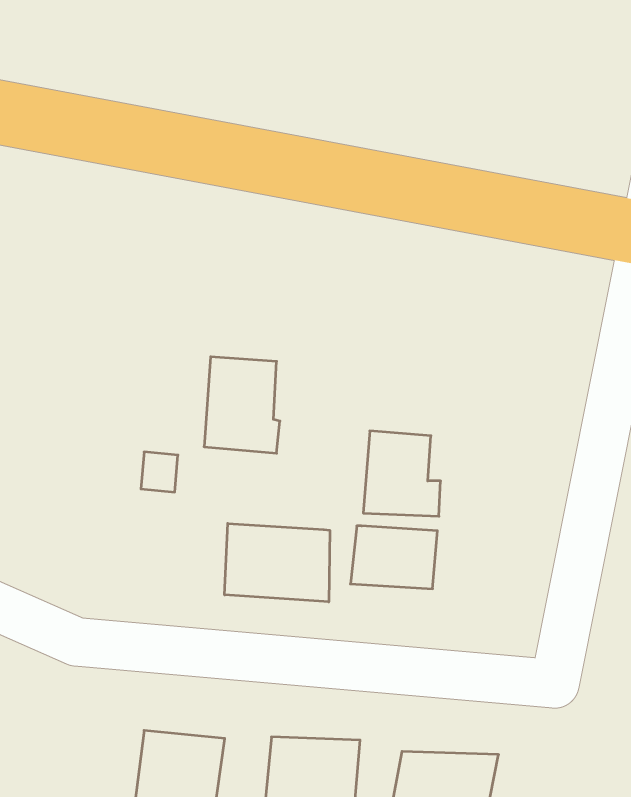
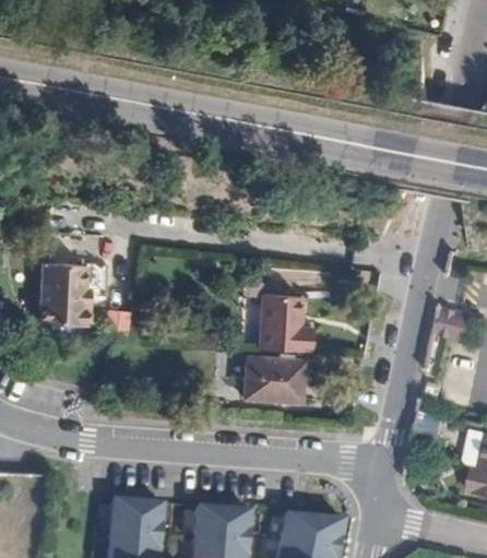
building: [204,357,280,453] -> [40,262,92,328]
building: [225,523,330,602] -> none

